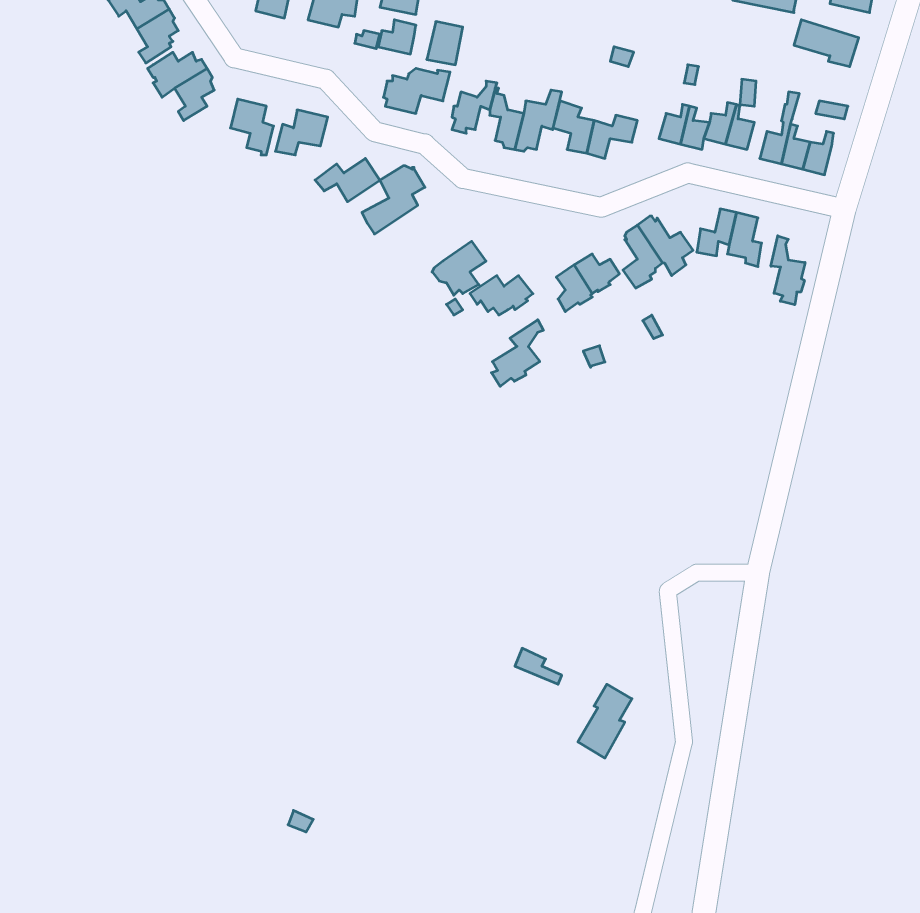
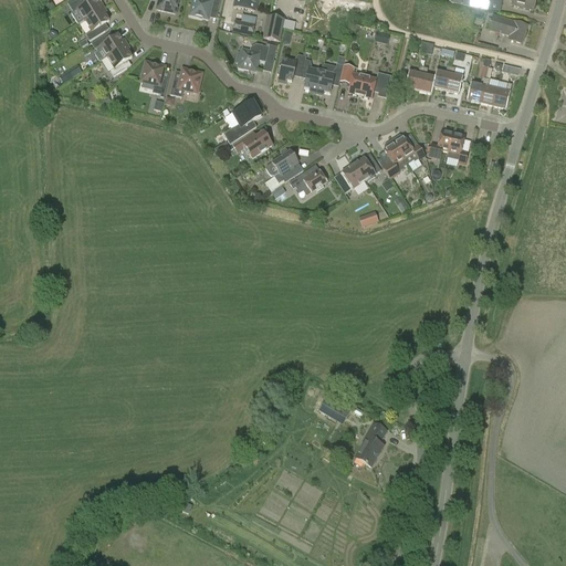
building: [315,158,380,202] -> [232,130,272,157]
building: [771,236,805,305] -> none
building: [491,320,543,386] -> none

